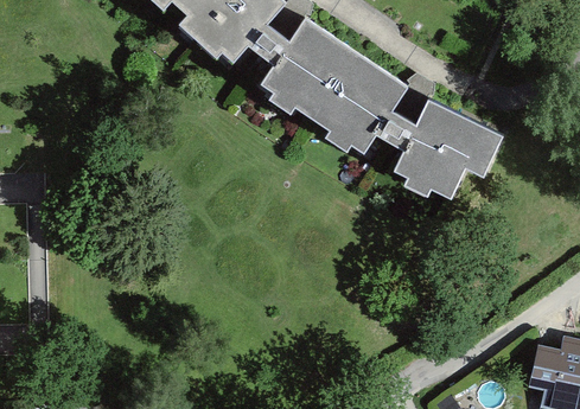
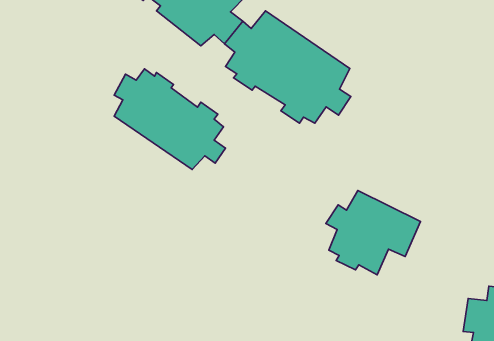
building: none -> [114,69,226,170]
building: [391,102,501,199] -> [326,190,420,275]

